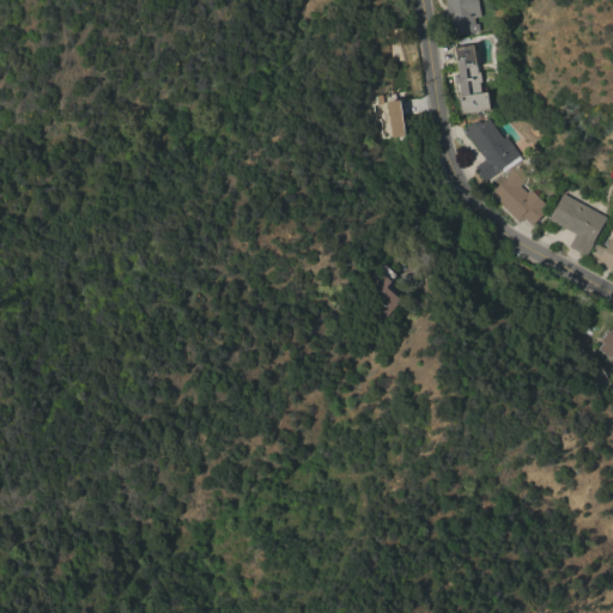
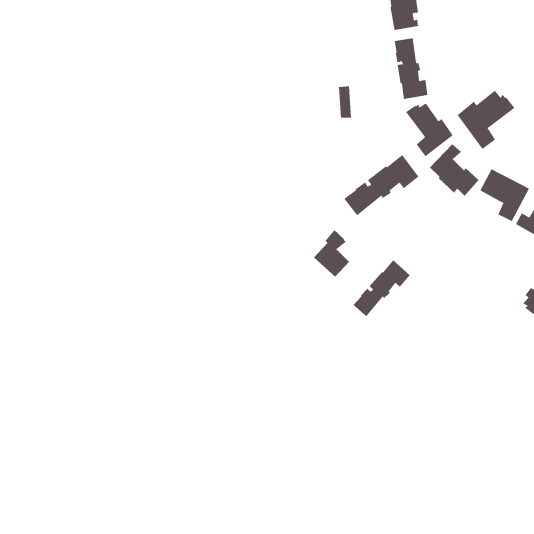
building: none -> [457,90,515,150]
building: none -> [344,154,419,216]
building: none -> [353,260,410,317]

